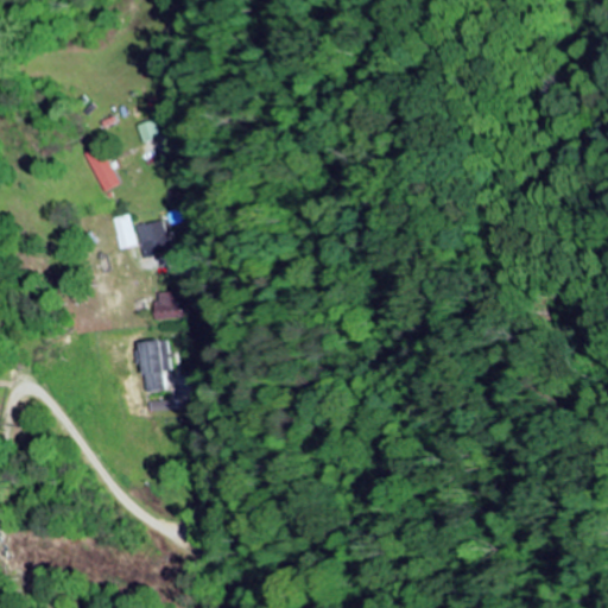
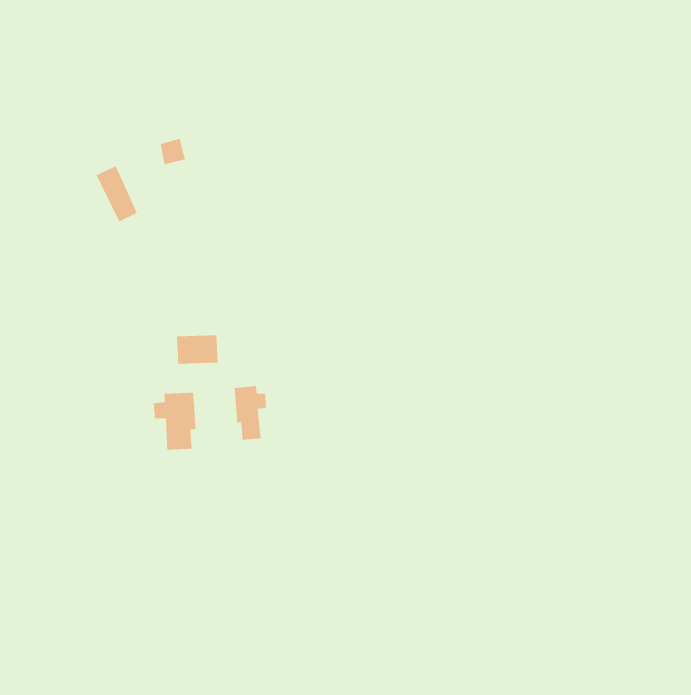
building: [113,217,172,256] -> none
building: none -> [234,385,267,441]

